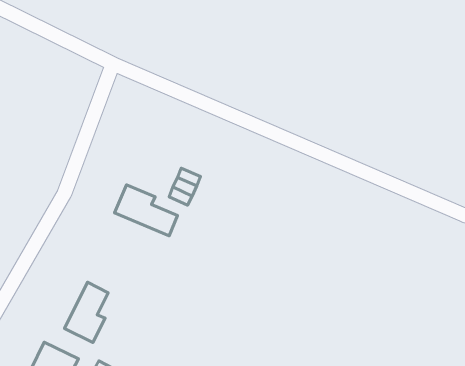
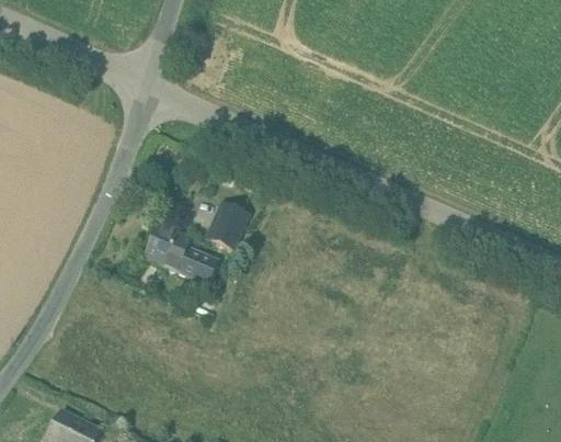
building: [65,282,108,342] -> none

